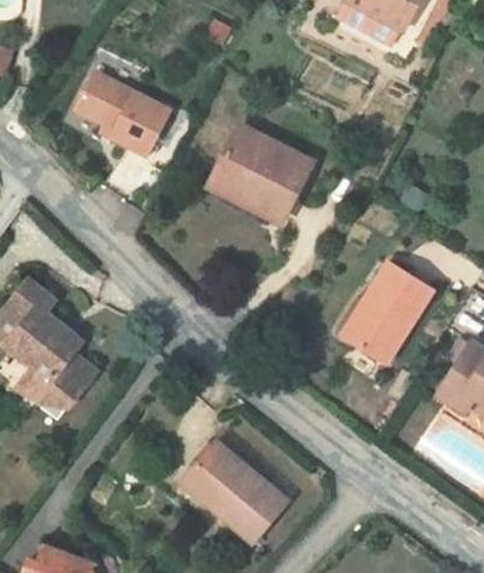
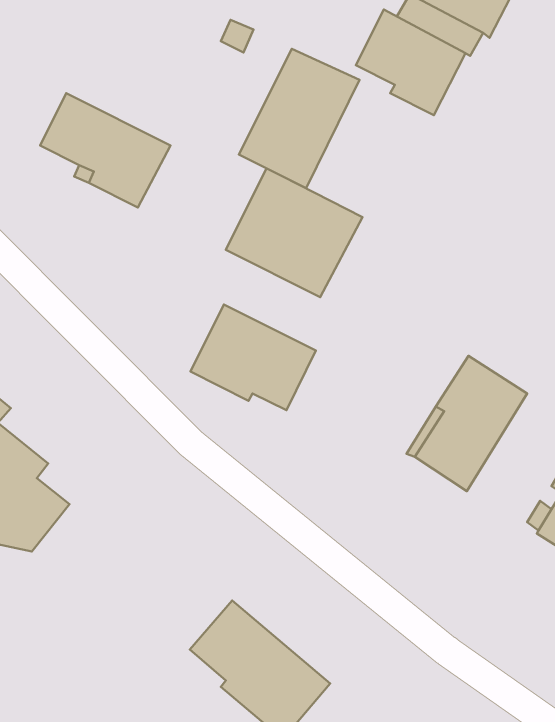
building: none -> [356,10,466,115]
building: none -> [239,49,359,188]
building: none -> [191,305,316,410]

